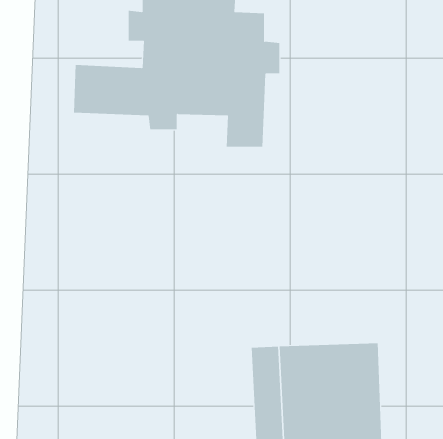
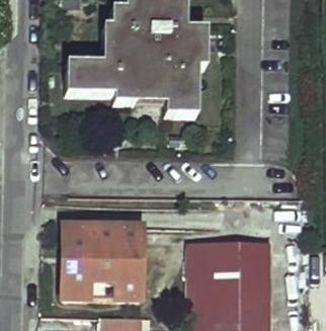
building: none -> [63,225,143,299]

